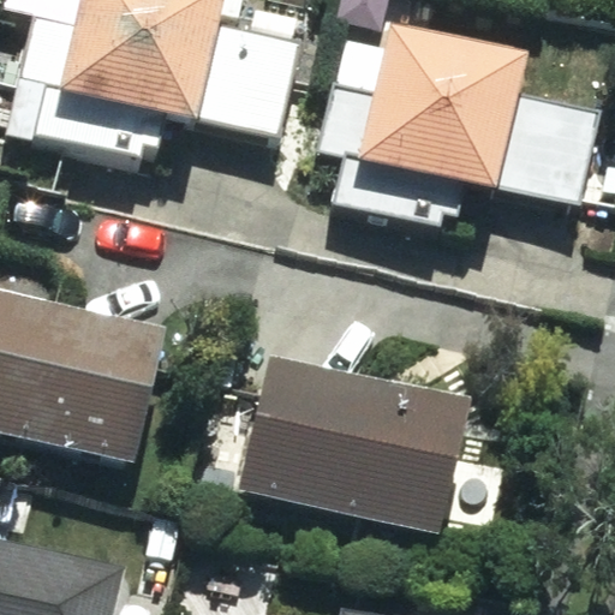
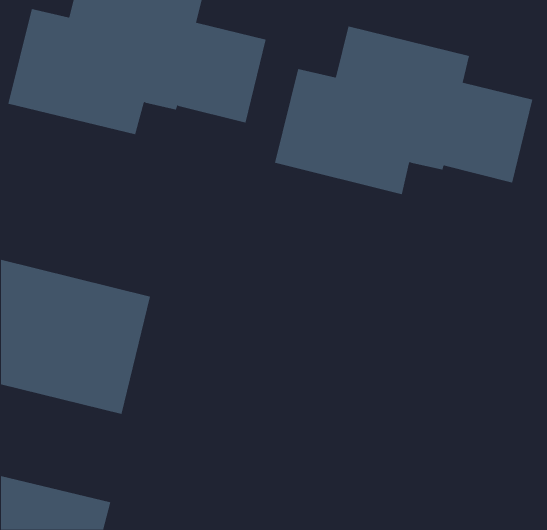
building: [241,357,467,533] -> none

